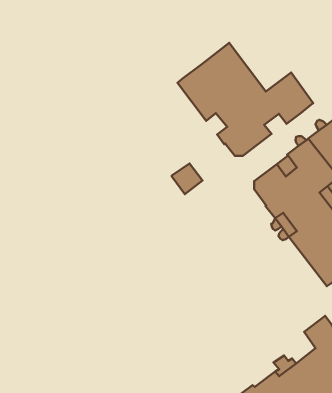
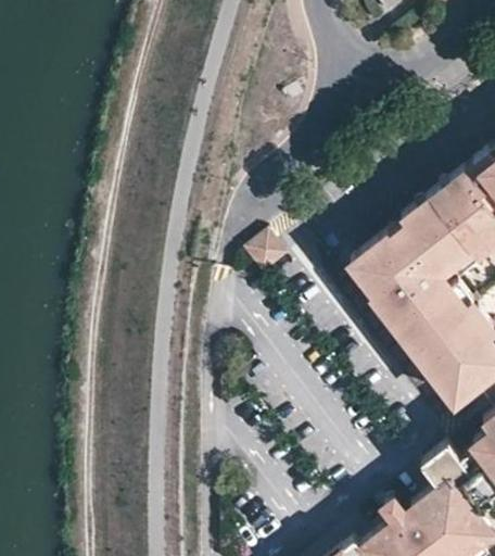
building: [178,43,313,156] -> none

